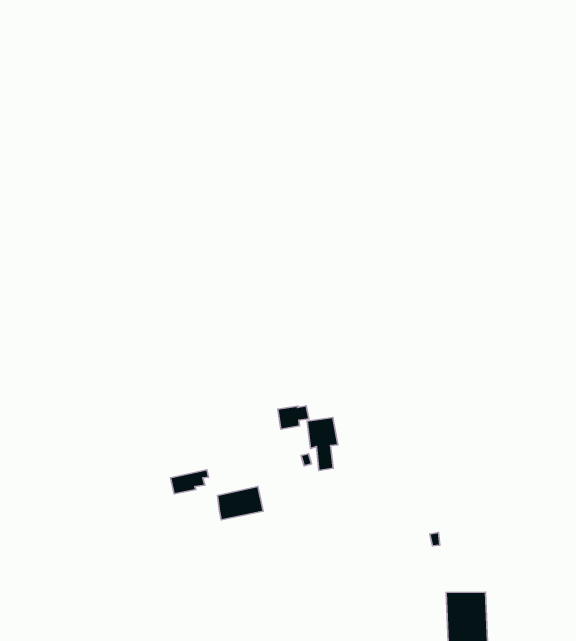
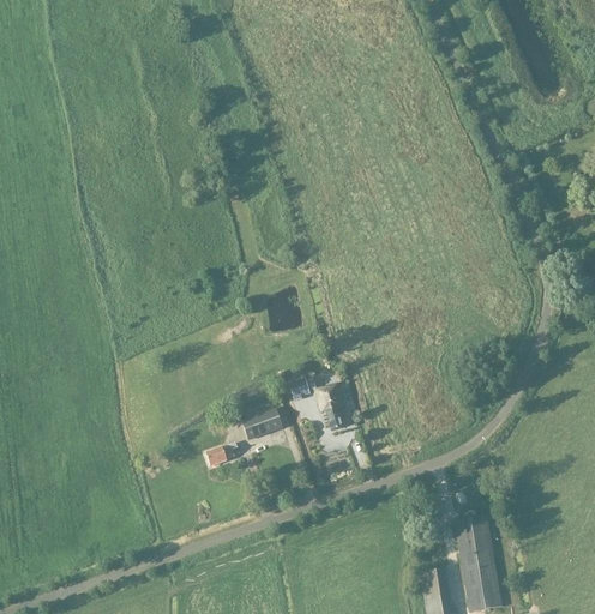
building: [217,487,263,520] -> [242,408,283,440]

